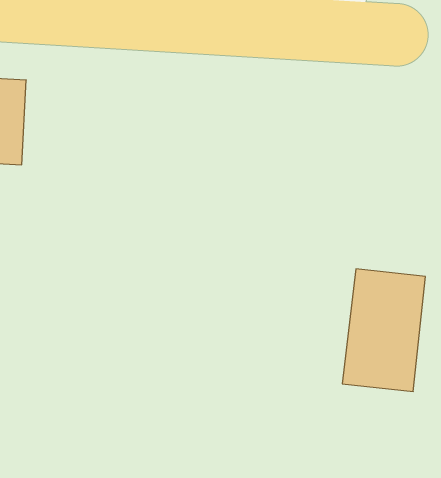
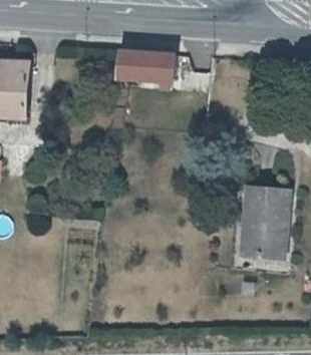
building: none -> [110,50,177,130]

